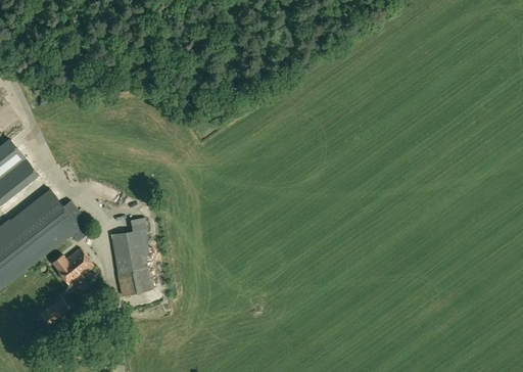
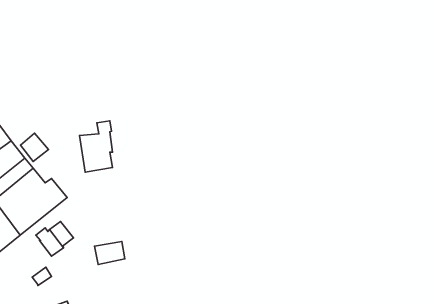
building: none -> [20,133,48,162]
building: [111,219,148,276] -> [80,121,113,172]

